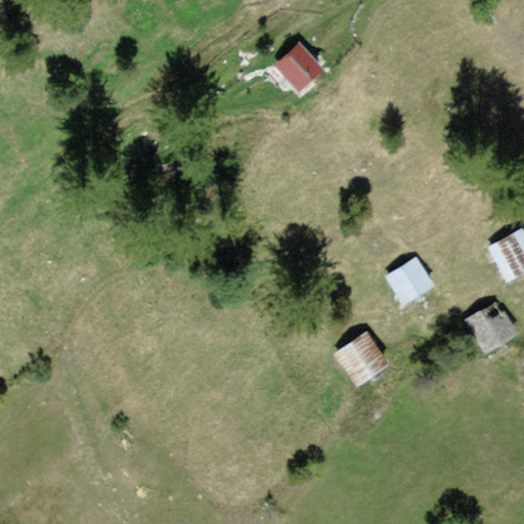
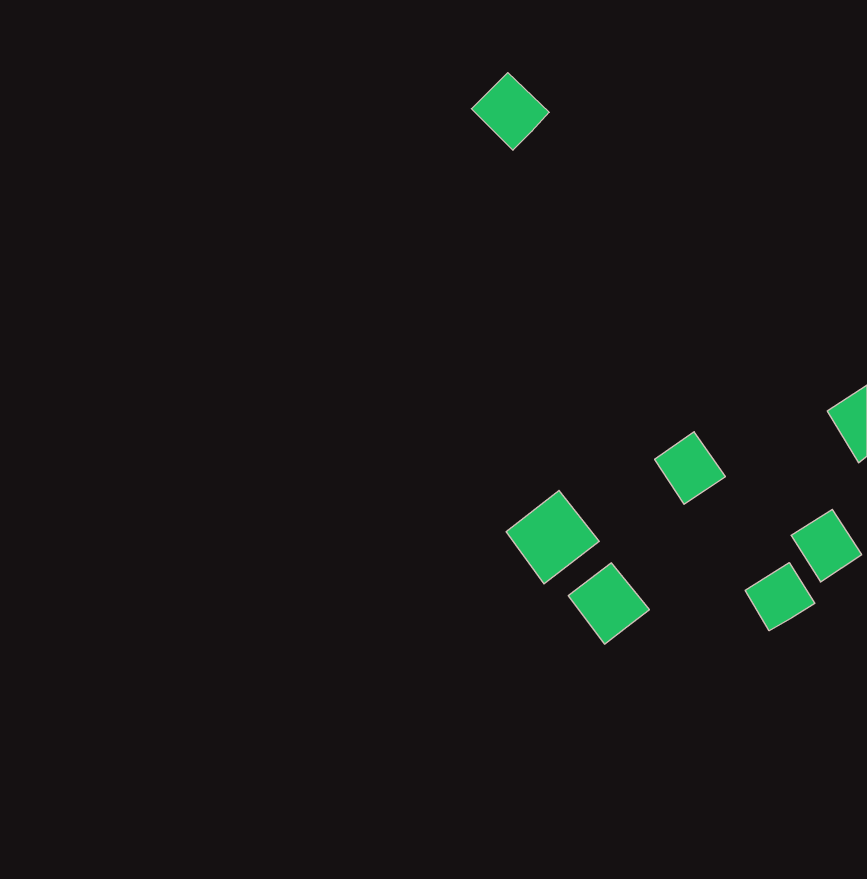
building: none -> [506,490,599,584]
building: none -> [745,563,815,631]

